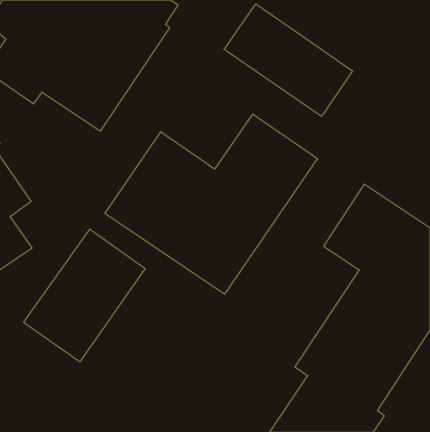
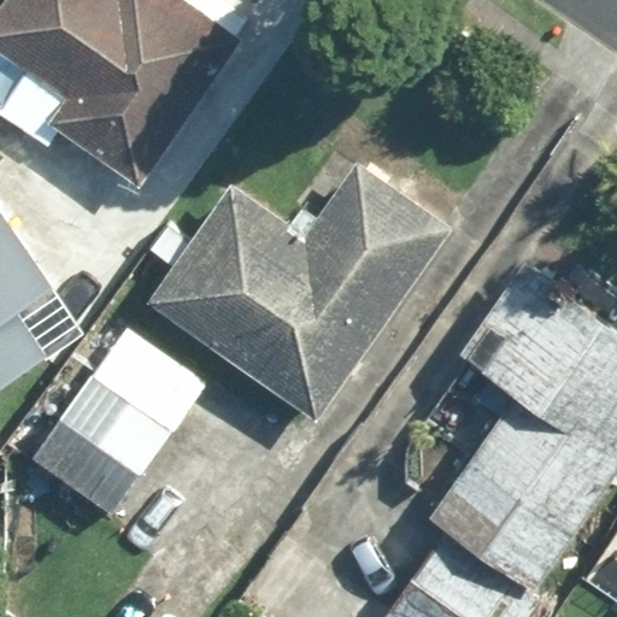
building: [224,4,353,116] -> none

